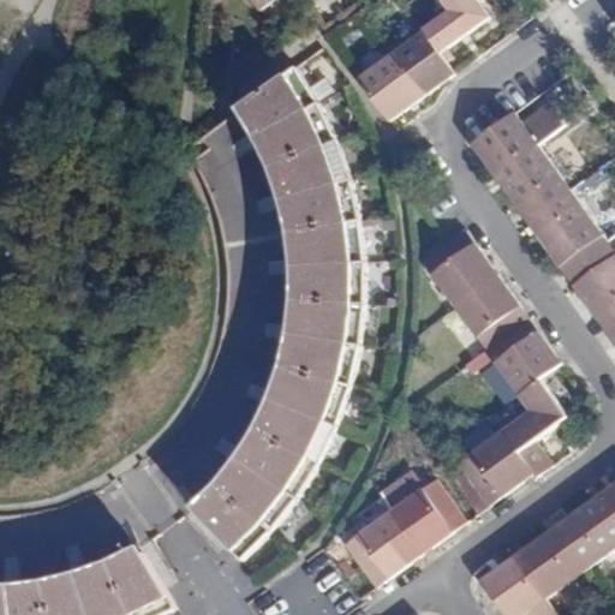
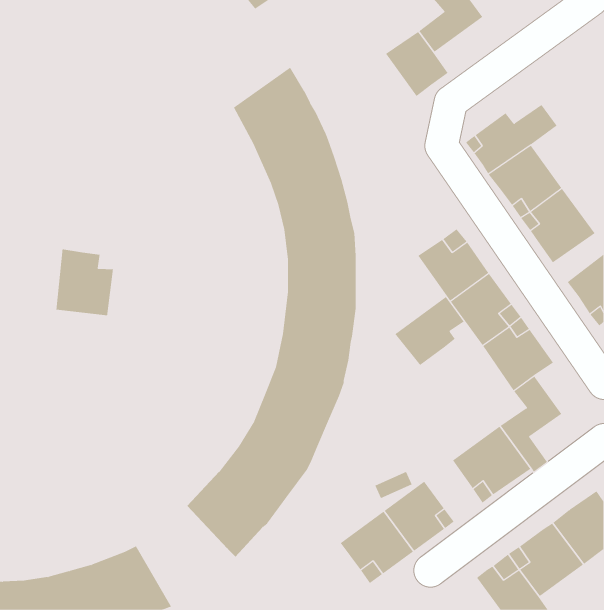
building: [354,54,418,120] -> none
building: none -> [56,248,113,316]
building: none -> [395,296,464,366]

